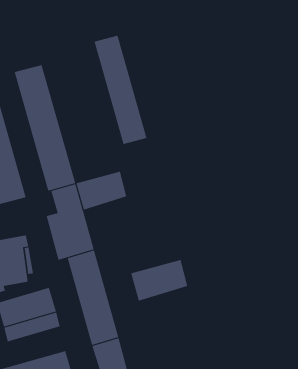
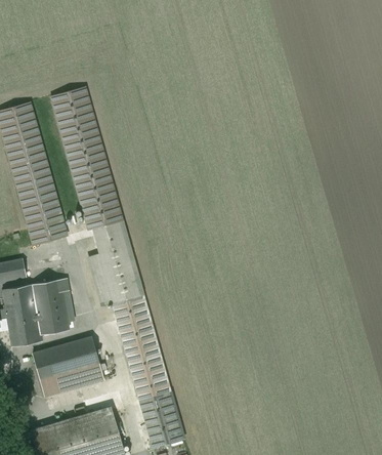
building: [94,35,147,145] -> none
building: [76,171,127,210] -> none
building: [131,259,188,302] -> none

